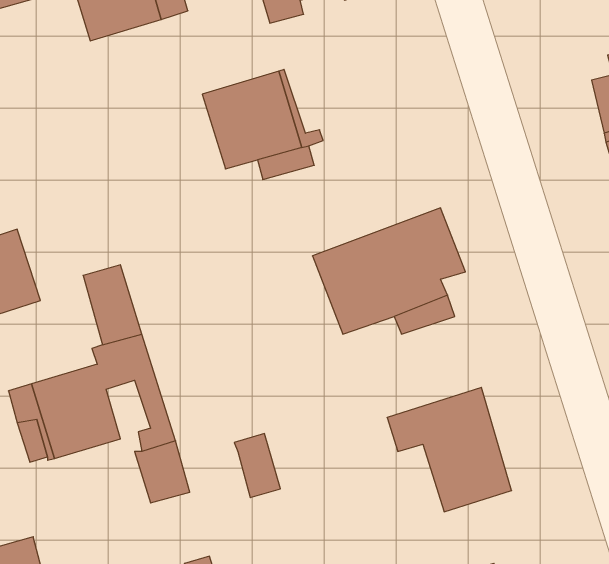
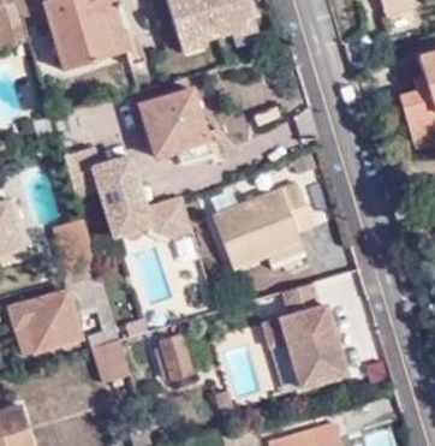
building: none -> [64,148,192,239]

